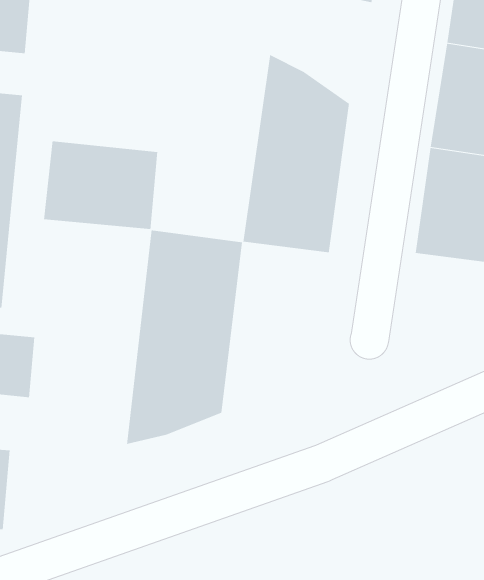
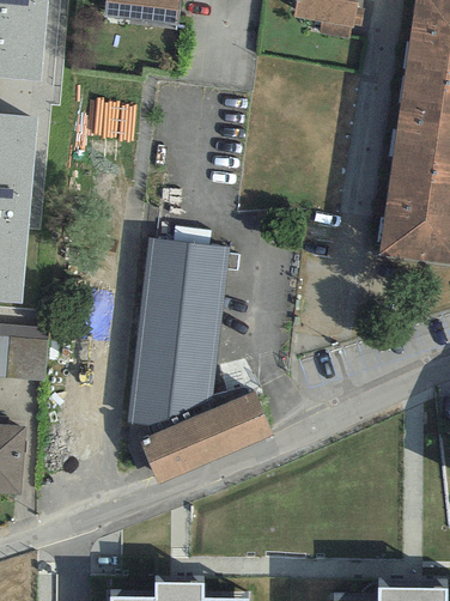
building: [243,54,349,253] -> none
building: [43,141,158,230] -> none
building: none -> [142,389,272,478]

